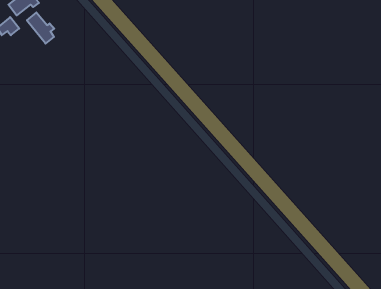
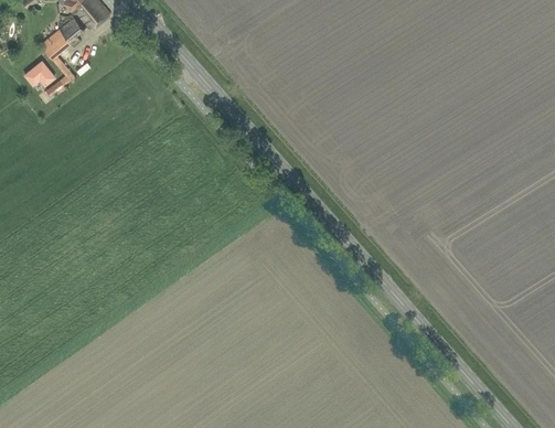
building: [27,12,54,44] -> none

